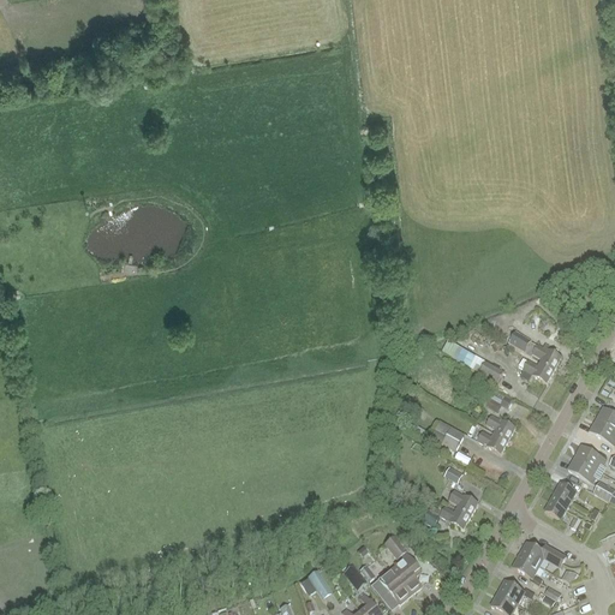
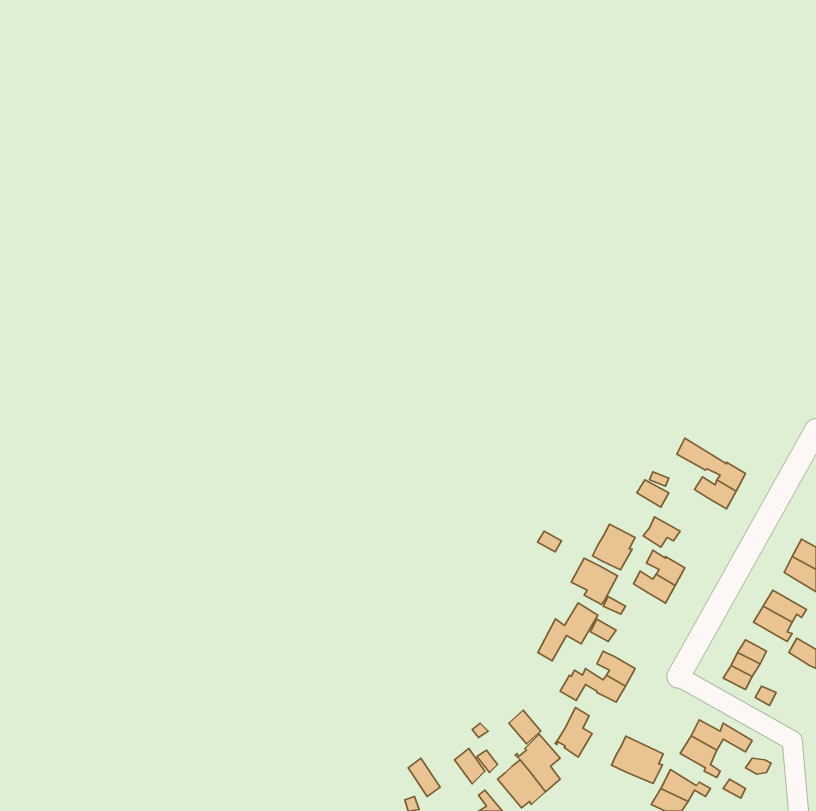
building: none -> [592,524,635,570]
building: none -> [538,603,598,661]
building: none -> [555,708,592,757]
building: none -> [612,736,663,784]

